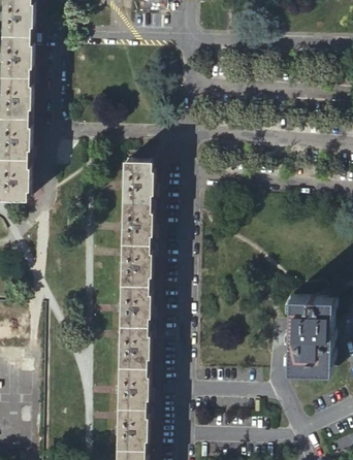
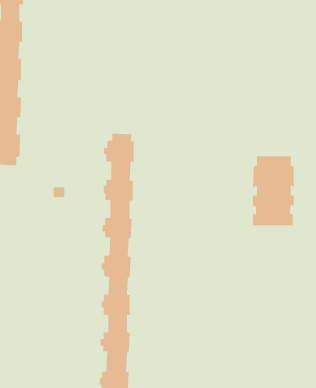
building: [288,297,333,372] -> [252,156,295,226]

